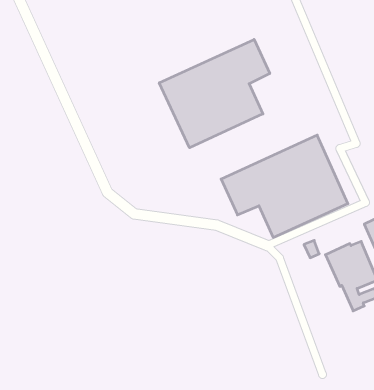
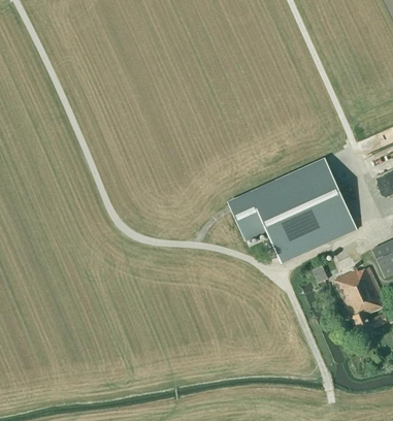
building: [159,39,270,148] -> none

